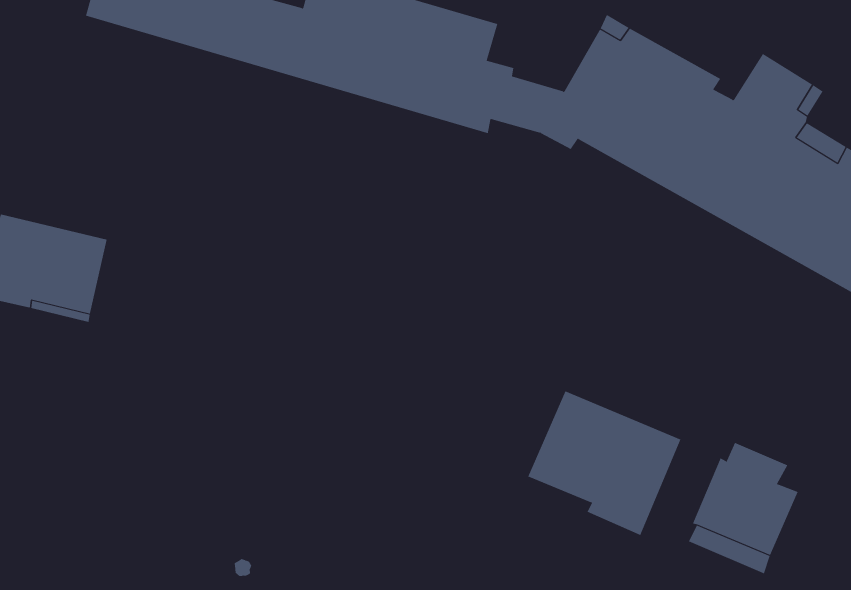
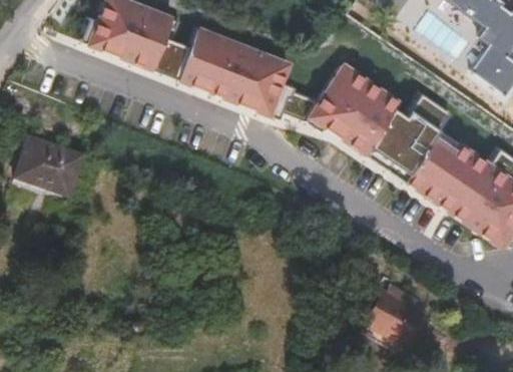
building: [528,391,681,536] -> none

